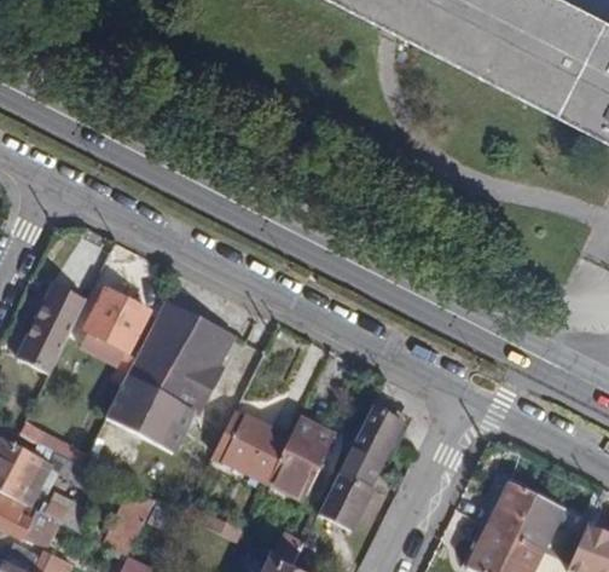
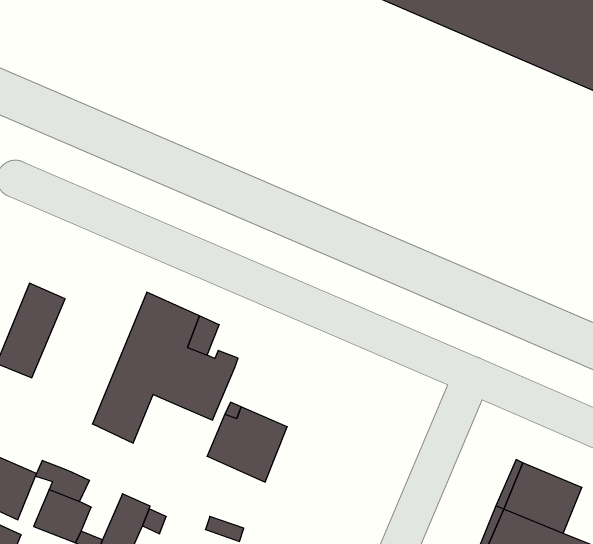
building: [85,289,150,353] -> none
building: [143,397,195,456] -> none
building: [319,406,405,532] -> none
building: [265,415,336,504] -> none

